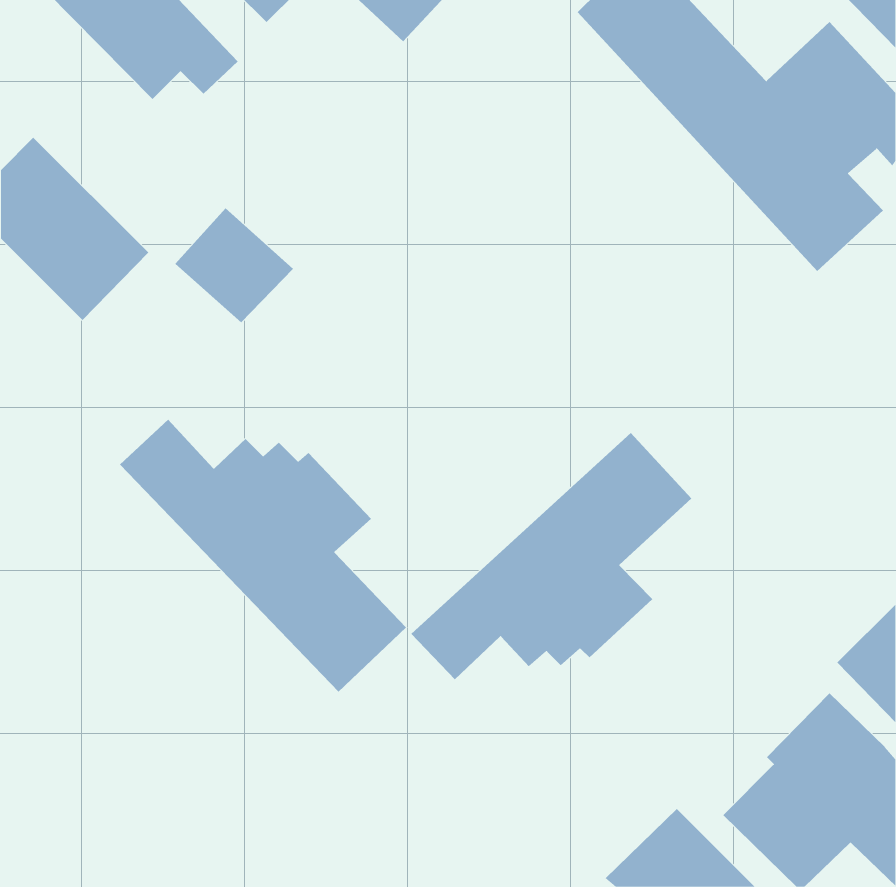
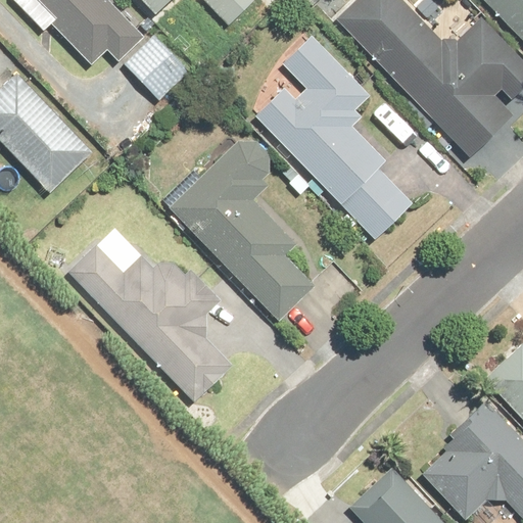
building: none -> [247,31,413,234]
building: [175,208,294,323] -> [121,32,190,99]
building: none -> [165,141,325,322]
building: [411,432,692,680] -> none

